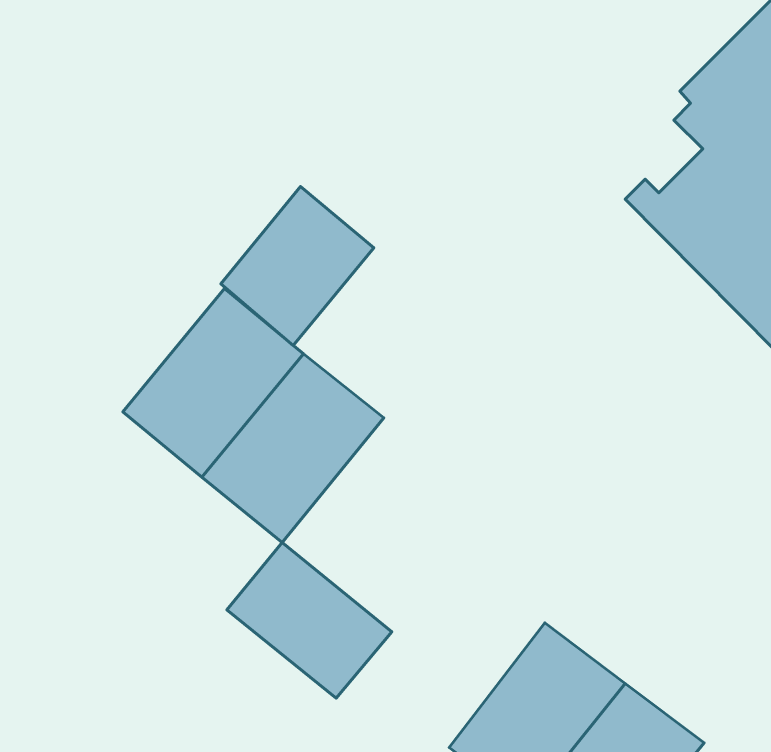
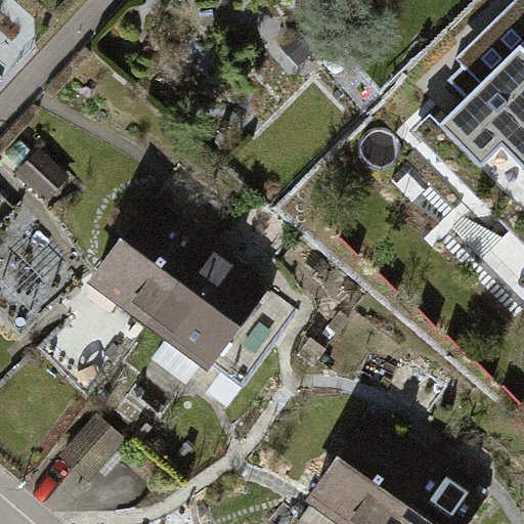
building: [221,186,374,345] -> none
building: [227,542,392,698] -> none

